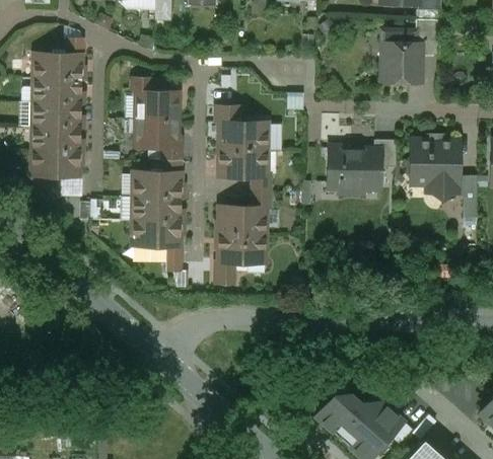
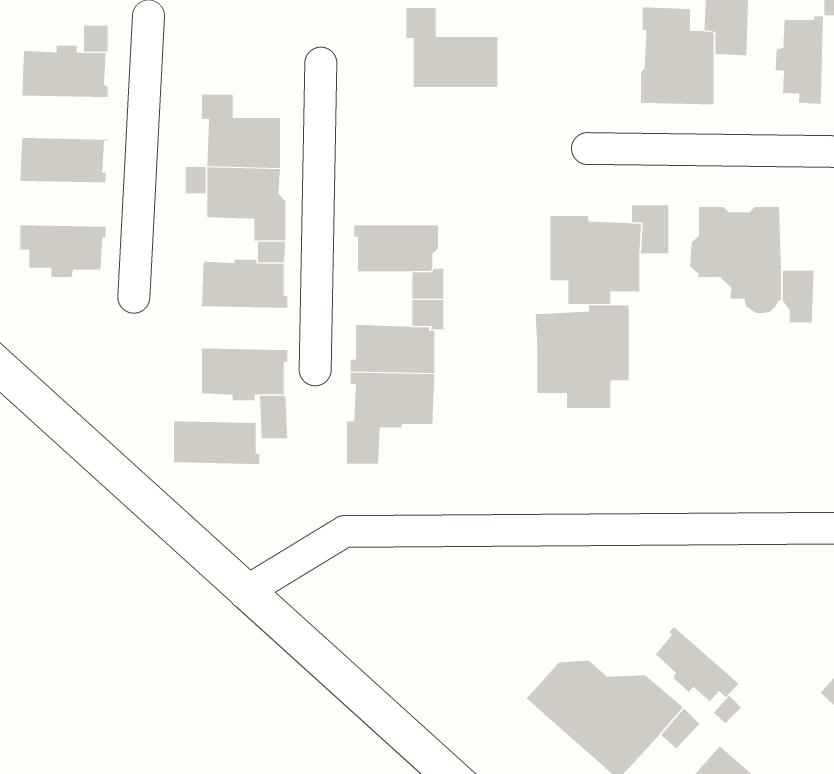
building: none -> [775,16,823,105]
building: [33,79,82,103] -> none
building: [215,106,267,151] -> [406,8,498,87]
building: [32,127,81,152] -> none
building: none -> [535,305,629,409]
building: [134,197,183,221] -> [173,421,260,464]
building: none -> [655,626,739,702]

